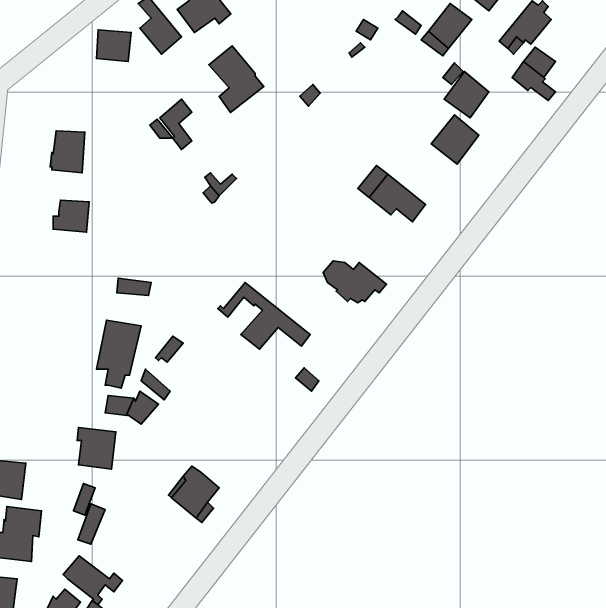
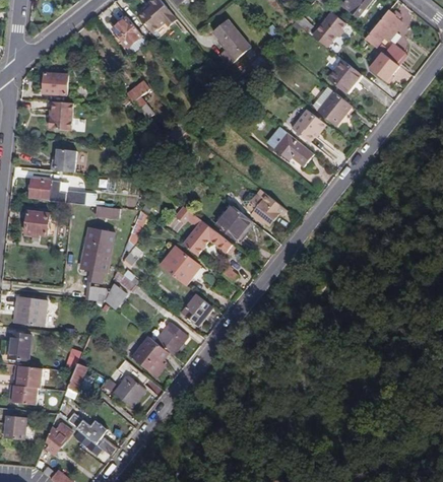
building: [97,30,131,61] -> [43,73,67,95]
building: [209,46,264,112] -> [211,19,250,66]
building: none -> [286,104,325,141]
building: none -> [28,178,85,204]
building: none -> [216,205,251,240]
building: none -> [24,211,50,236]
building: none -> [160,247,198,284]
building: none -> [181,293,213,327]
building: [77,427,116,469] -> [18,298,46,328]
building: none -> [154,322,186,354]
building: none -> [114,376,145,408]

